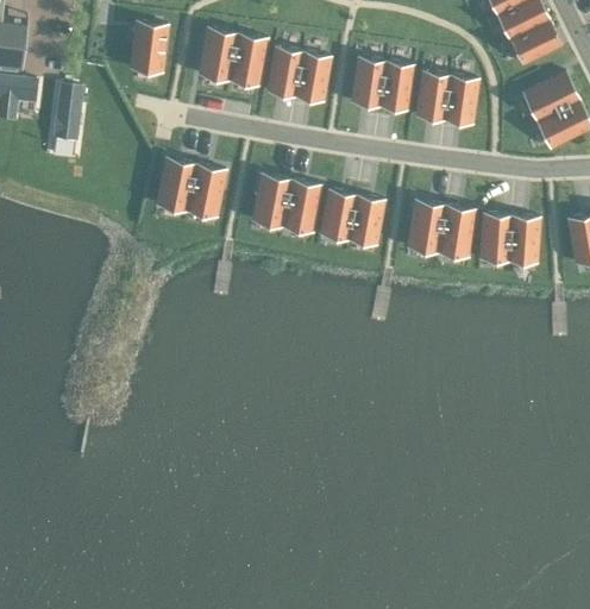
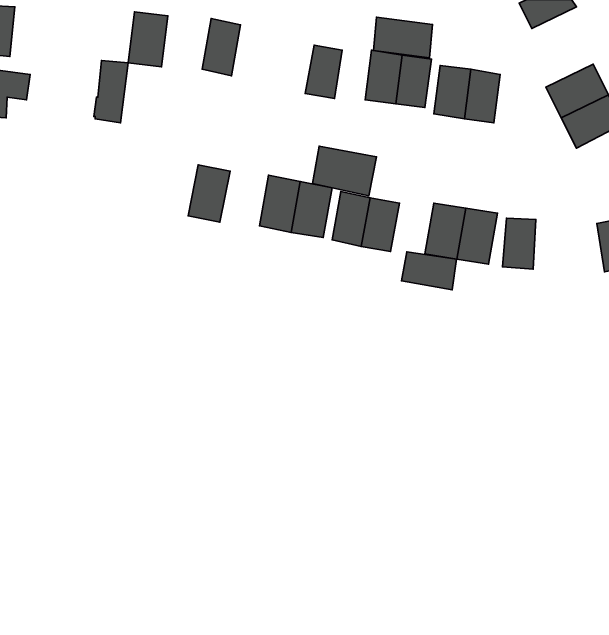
building: [508,18,563,65] -> none
building: none -> [373,17,433,58]
building: [227,34,268,87] -> none
building: [268,48,305,99] -> none
building: [52,84,84,143] -> [94,60,128,123]
building: none -> [312,146,376,196]
building: [157,159,196,213] -> none
building: [509,216,540,265] -> none
building: none -> [401,252,456,290]

